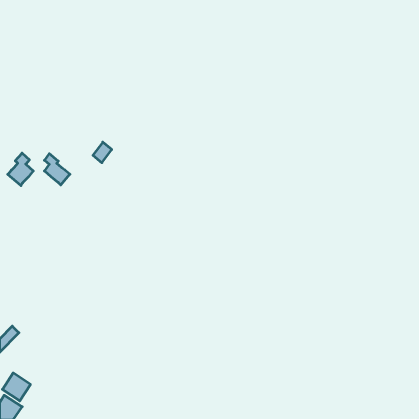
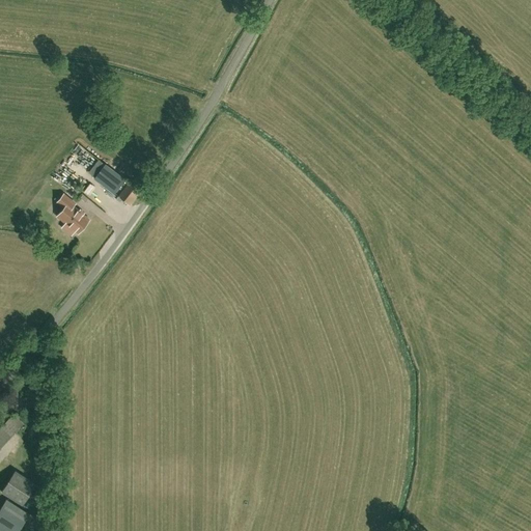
building: none -> [93,166,123,195]
building: [8,153,33,186] -> none

